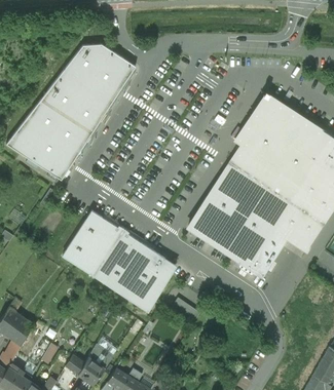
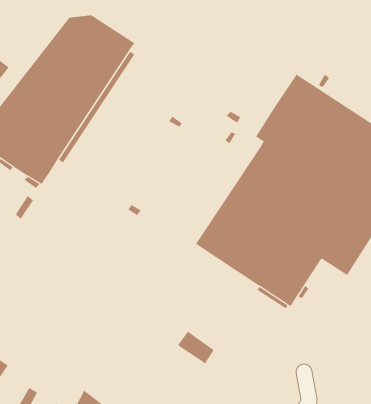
building: [61,210,177,312] -> none

